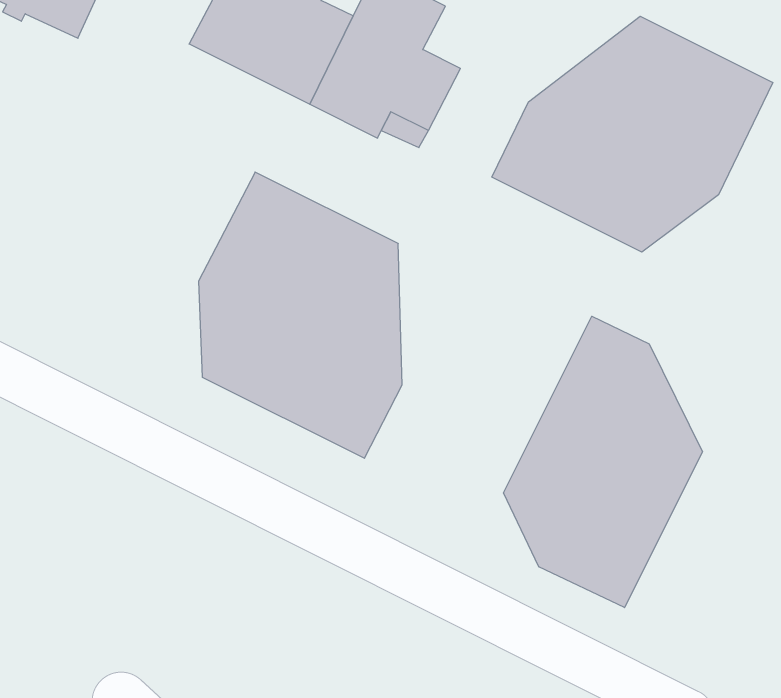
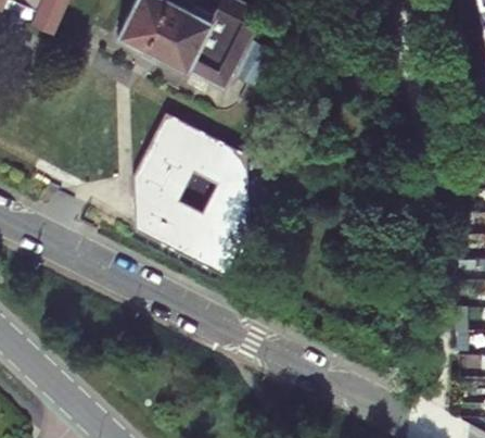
building: [492,16,773,252] -> none
building: [504,316,702,608] -> none

